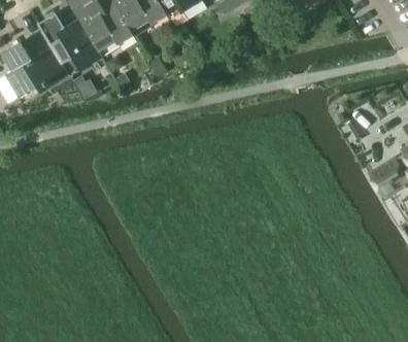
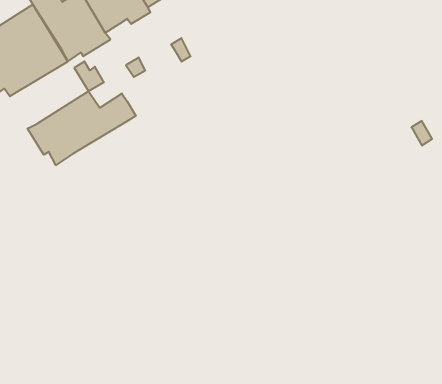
building: none -> [28,91,136,165]

